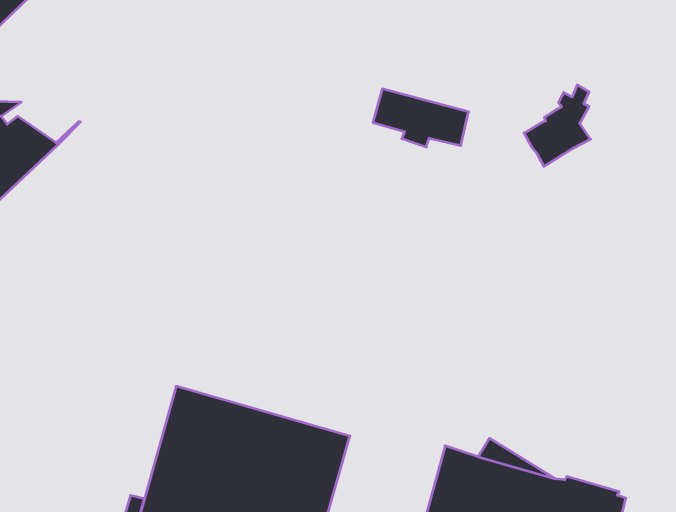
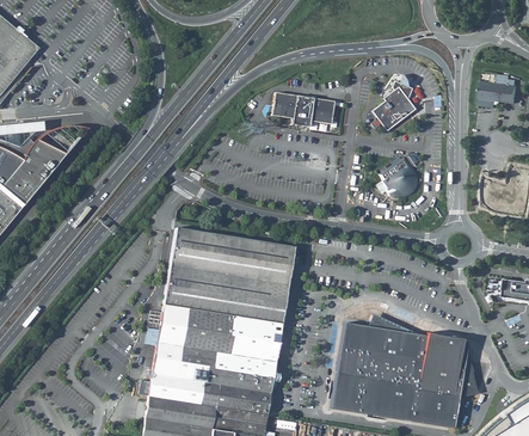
building: none -> [380,159,416,198]
building: none -> [162,228,294,324]

